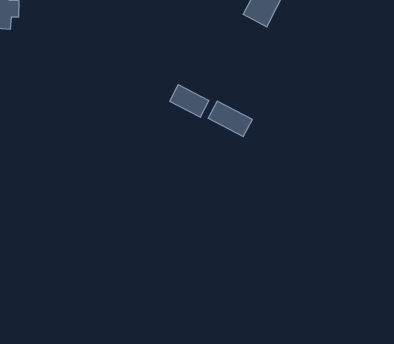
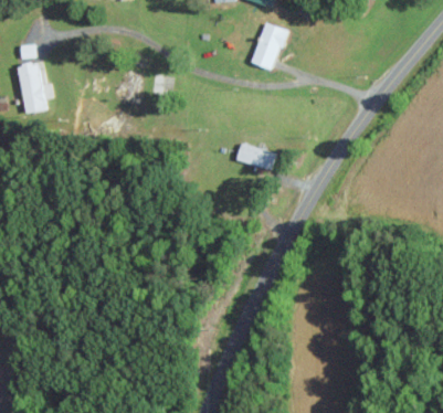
building: [170,85,209,117] -> none

